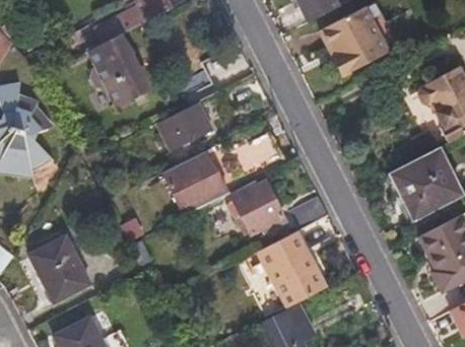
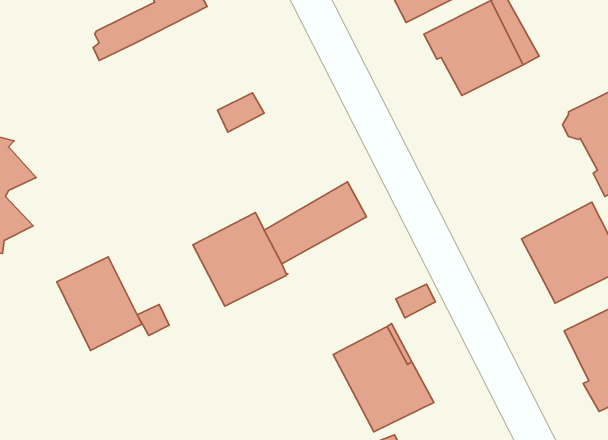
building: [89,36,149,107] -> none
building: [156,106,208,150] -> none
building: [226,177,282,235] -> none
building: [34,236,92,301] -> [57,257,142,350]

